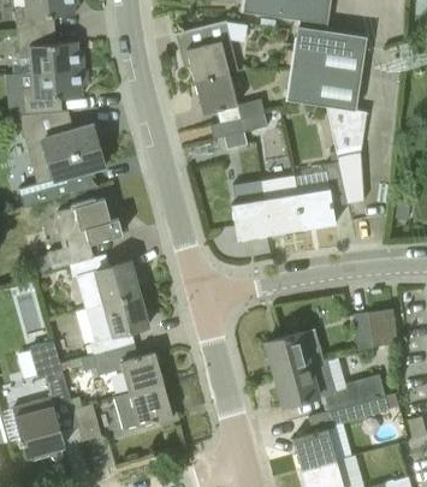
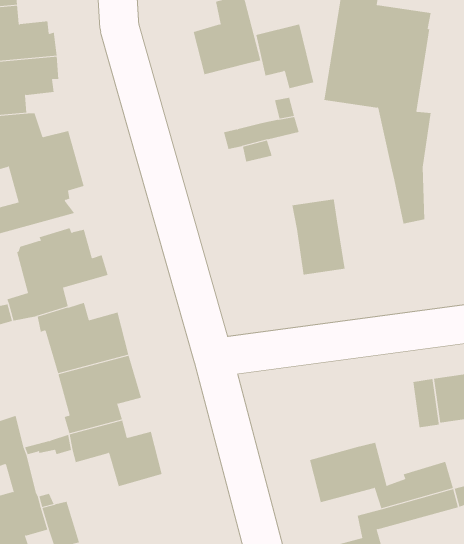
building: [195,75,239,124] -> [255,24,314,89]
building: [296,162,348,230] -> none
building: [231,200,269,240] -> none
building: [266,333,309,374] -> none
building: [113,385,173,429] -> none

